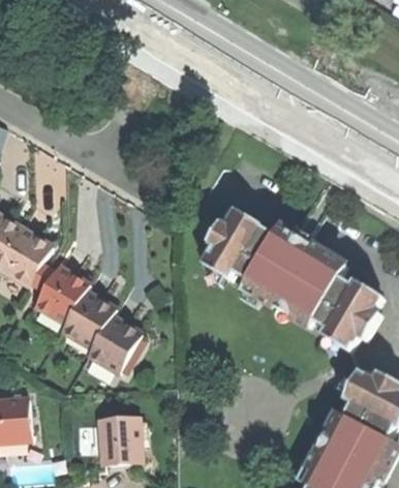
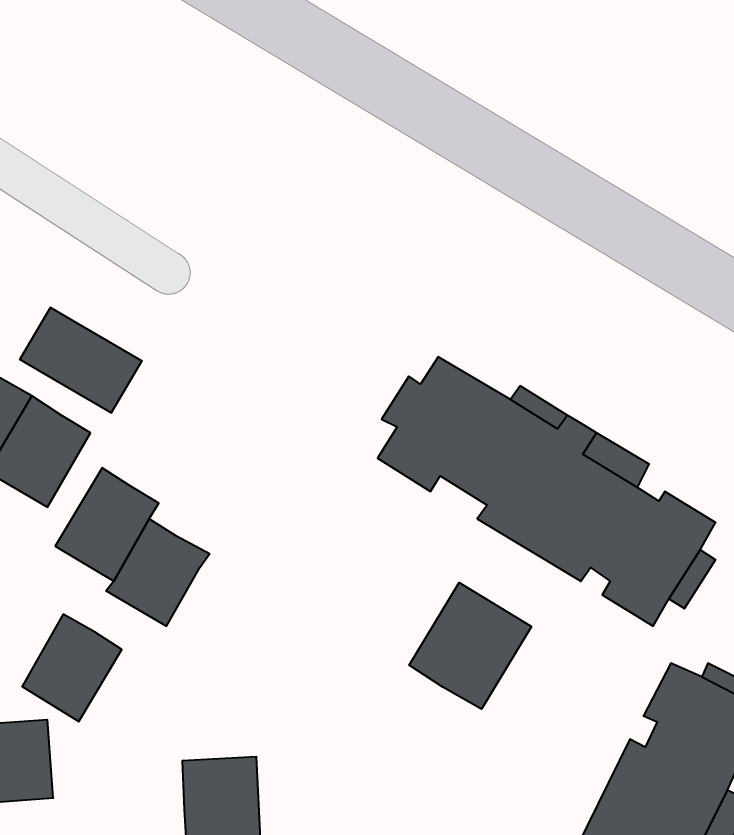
building: none -> [20,307,142,413]
building: [87,317,140,374] -> [22,614,122,722]
building: none -> [409,583,531,709]

